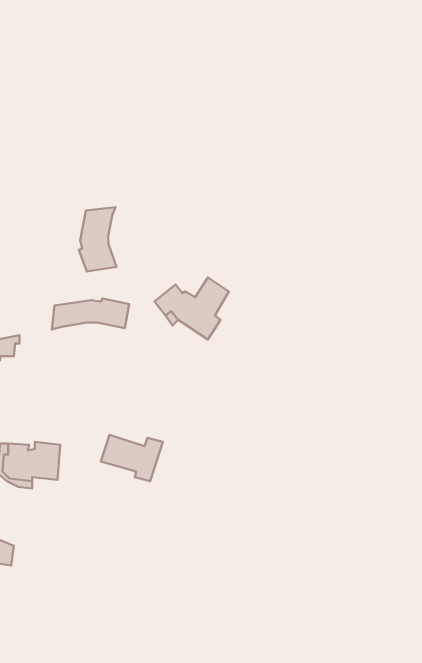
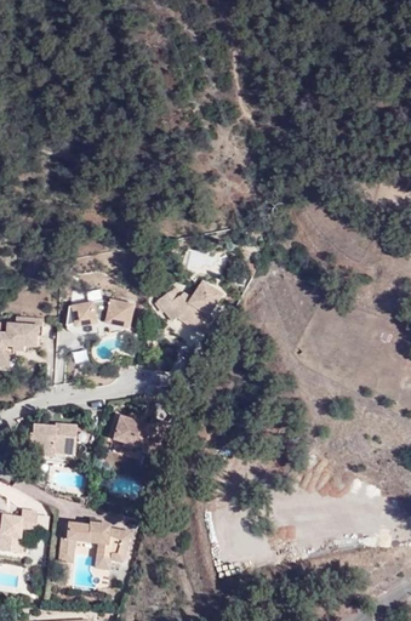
building: [79,207,117,271] -> none
building: none -> [56,520,129,568]

